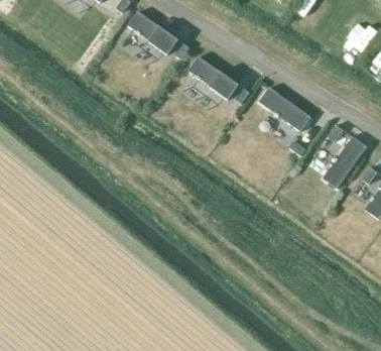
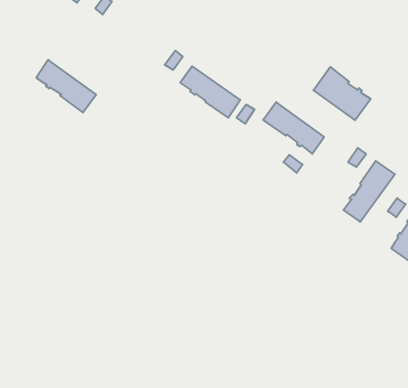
building: [127,11,177,55] -> [36,60,96,113]
building: none -> [313,67,371,120]

